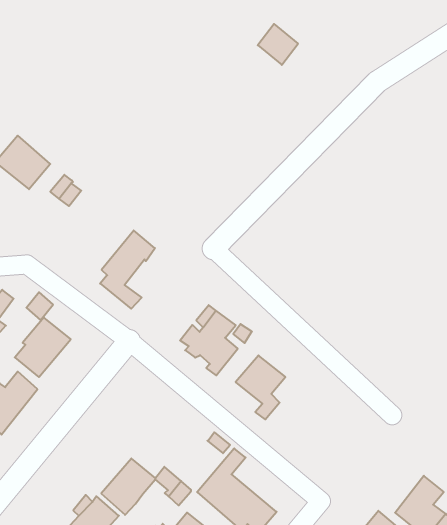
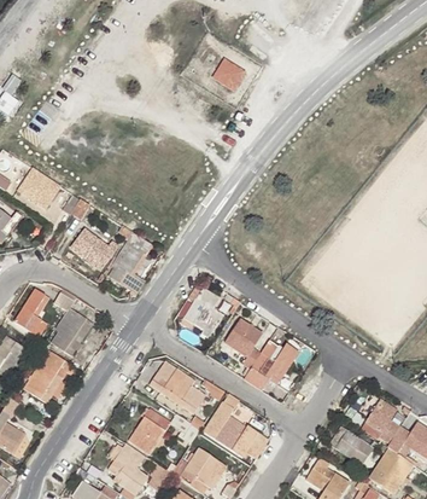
building: none -> [72,231,112,269]
building: none -> [245,341,299,390]
building: none -> [151,361,207,414]

